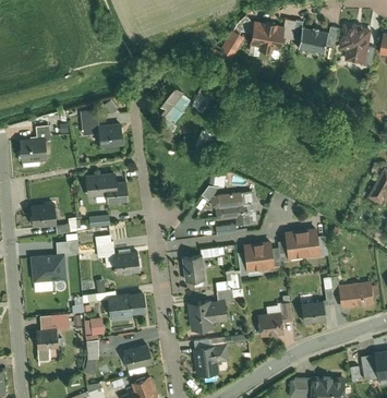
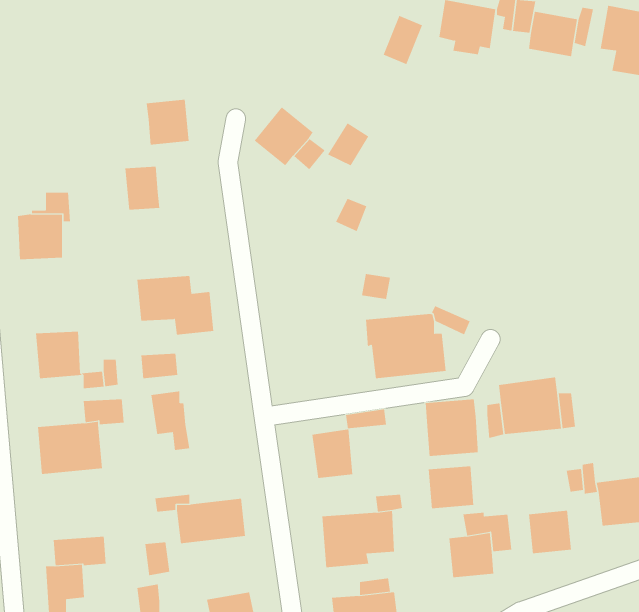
building: [97,124,121,149] -> [146,99,189,145]
building: [112,252,140,277] -> none
building: none -> [428,465,474,509]

